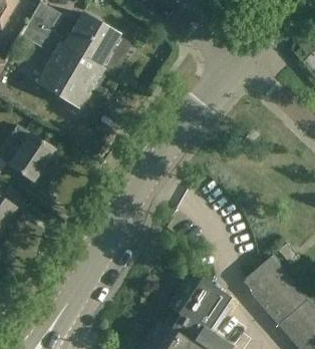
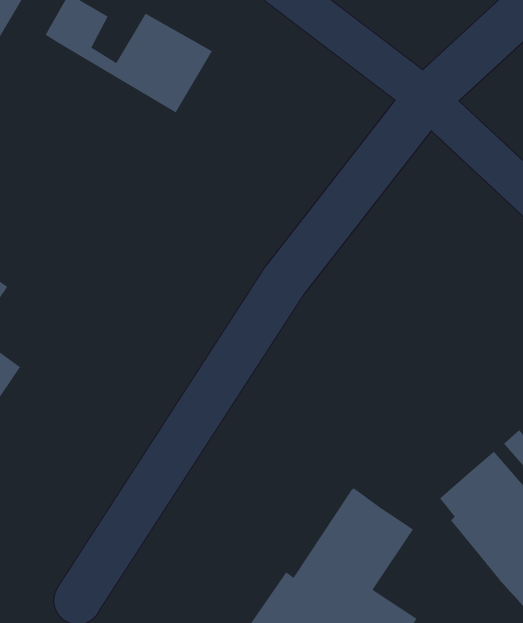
building: [28,30,103,108] -> none
building: [9,126,54,181] -> none

